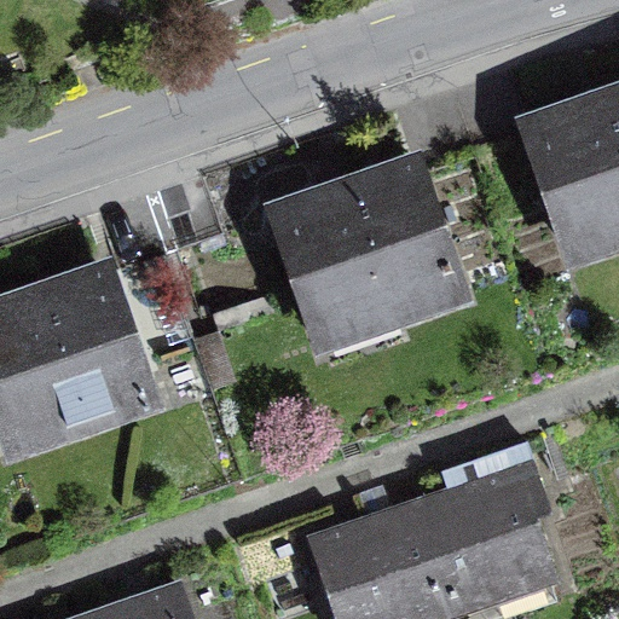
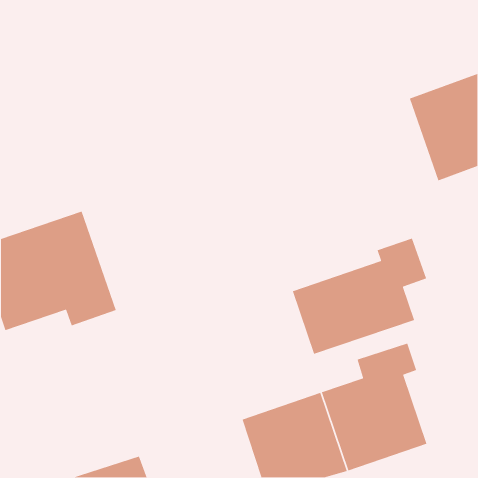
building: [277,163,459,320] -> none
building: none -> [292,238,427,355]

